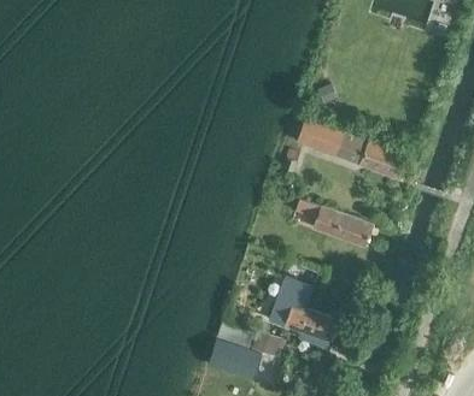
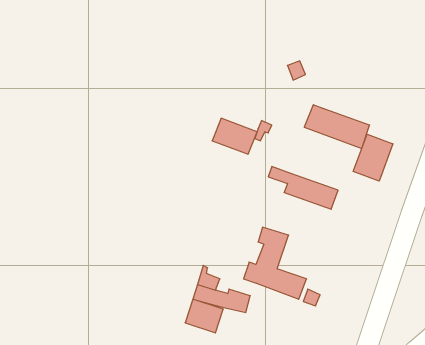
building: [297,119,345,158] -> [212,118,257,154]
building: none -> [353,134,393,181]

